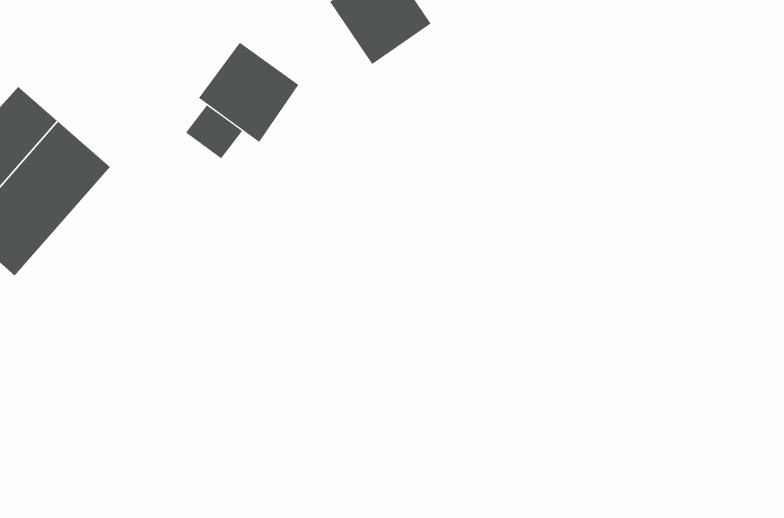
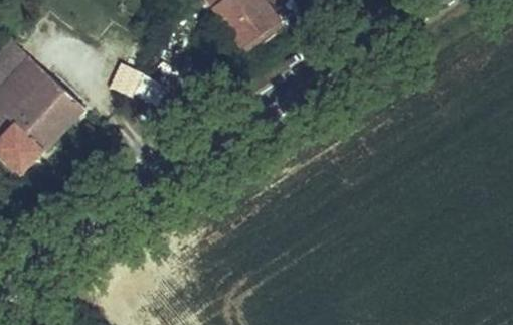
building: [198,42,299,143] -> none

